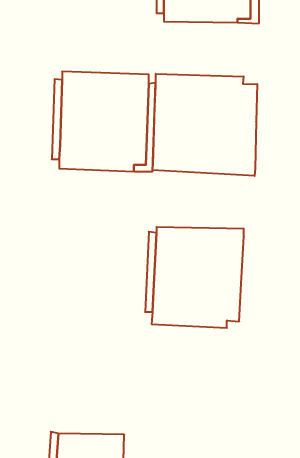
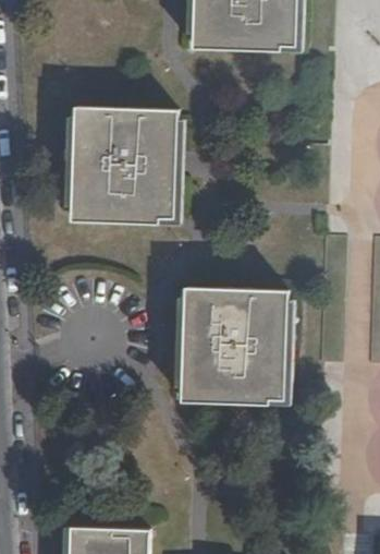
building: [153,74,257,176] -> none
building: none -> [268,298,296,405]

